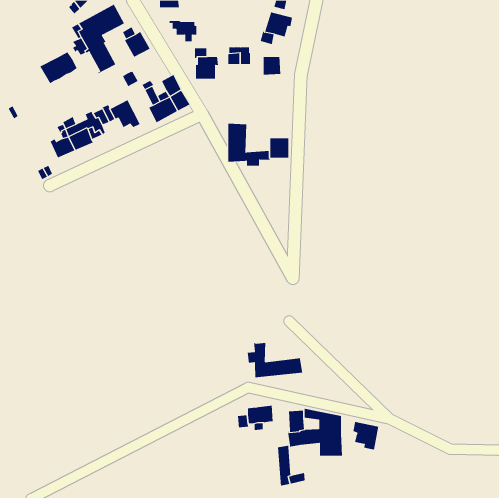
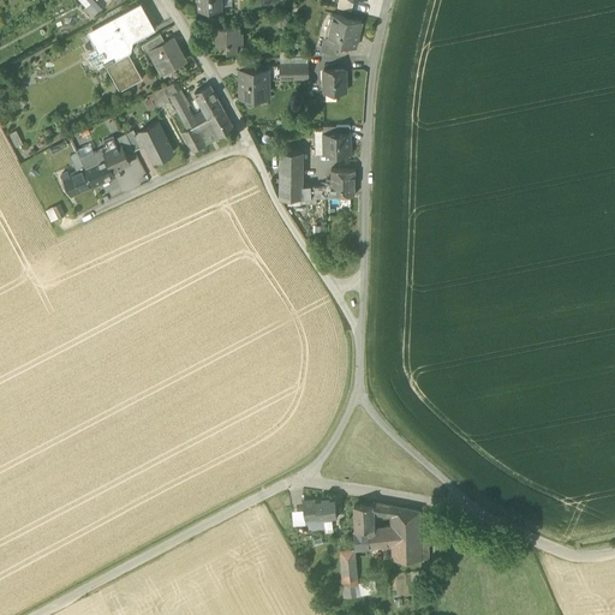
building: [39,52,78,84] -> none
building: none -> [324,135,351,156]
building: [247,342,303,378] -> none
building: [353,421,379,451] -> none

